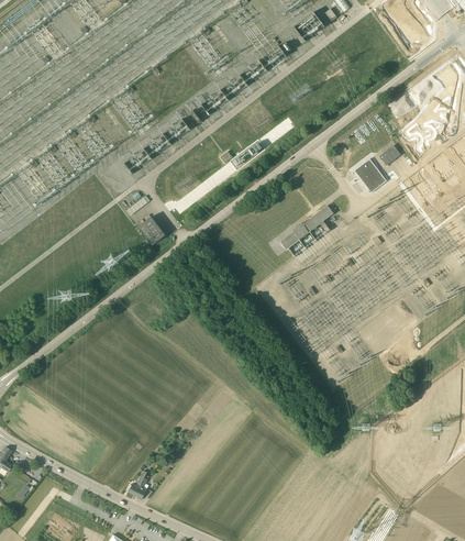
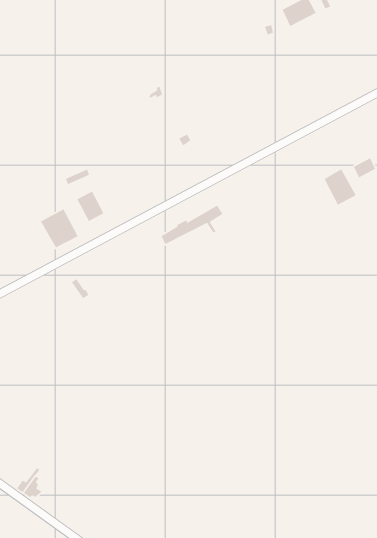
building: [280,205,333,249] -> [160,205,223,245]
building: none -> [40,208,79,248]

